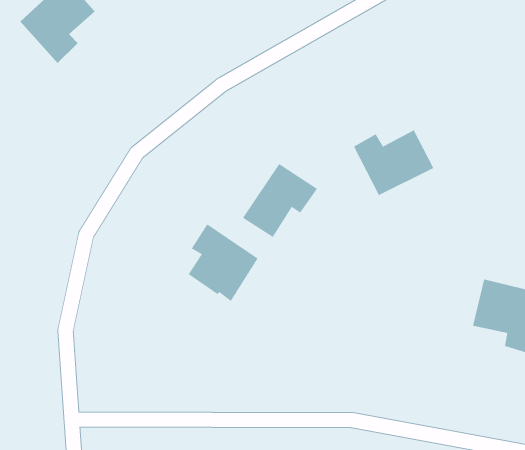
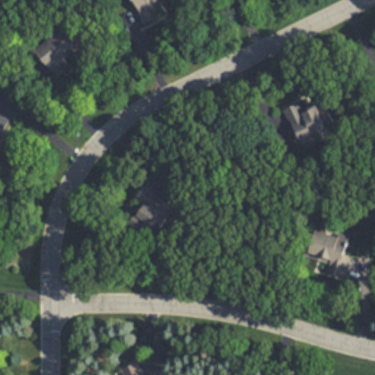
building: [353,130,434,196] -> [282,102,332,142]
building: [242,163,318,238] -> none

